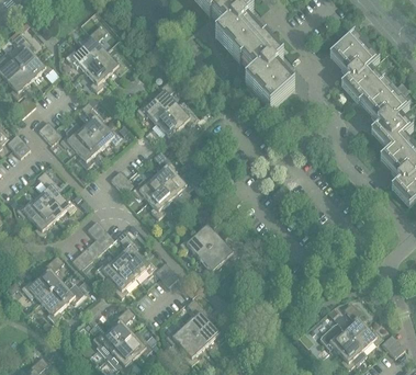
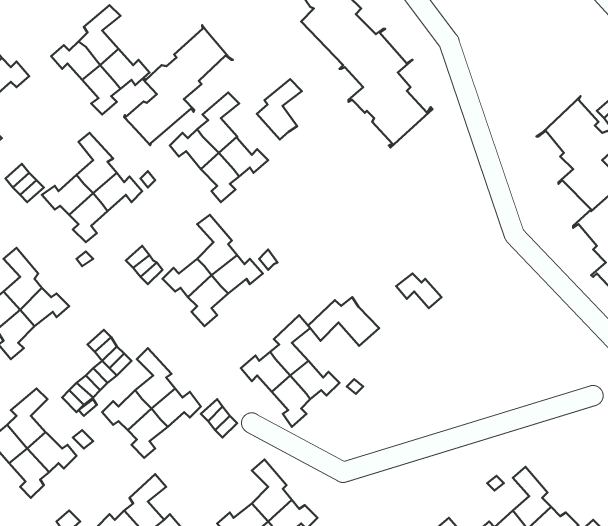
building: [328,32,380,101] -> none
building: none -> [124,25,233,145]
building: none -> [257,79,302,140]
building: none -> [308,297,379,346]

